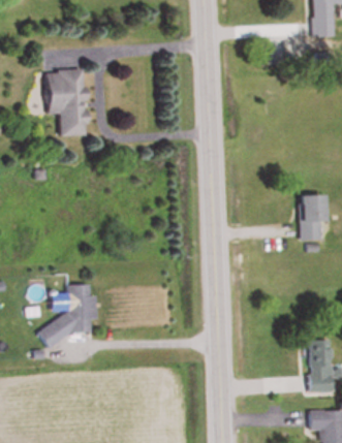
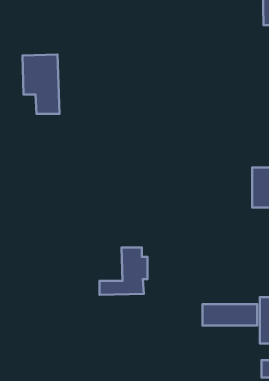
building: [42,284,96,337] -> [99,248,147,295]
building: none -> [203,304,257,325]

